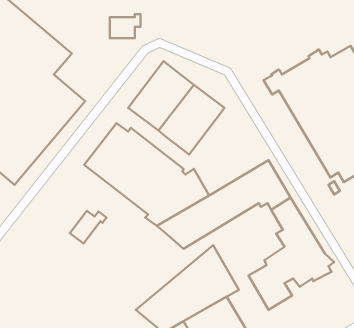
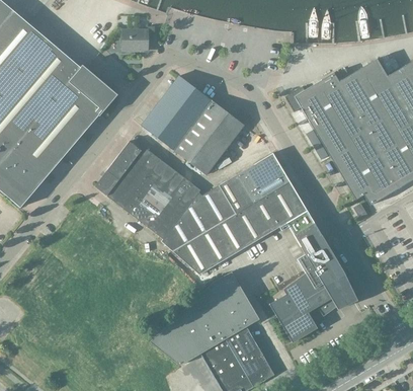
building: none -> [62,67,115,119]
building: none -> [211,153,290,218]
building: [70,211,106,244] -> none

